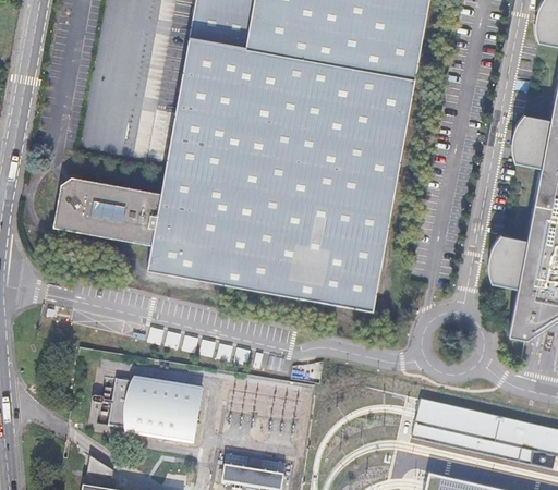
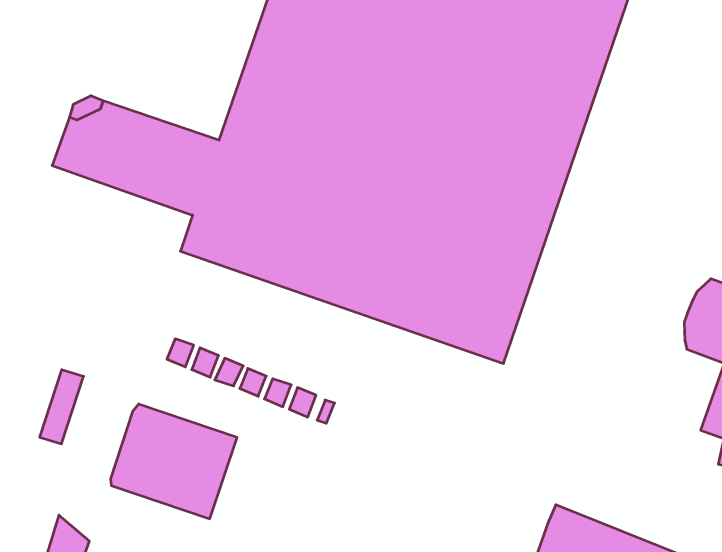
building: [109,379,132,428] -> [40,370,84,444]

